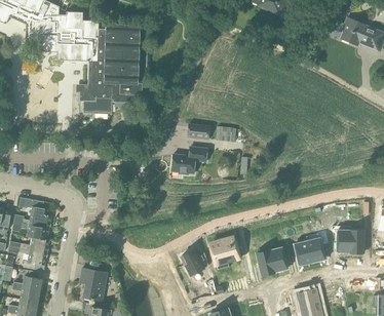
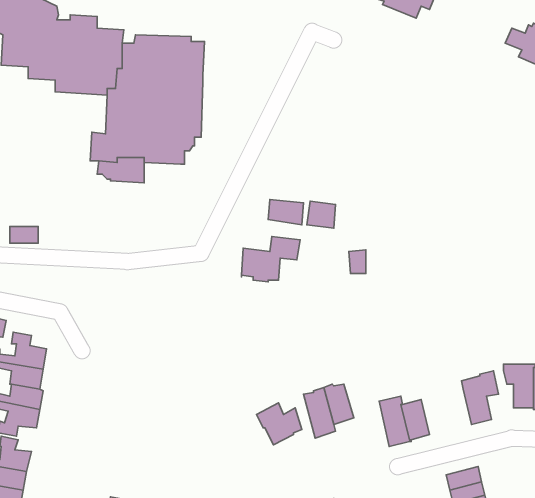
building: [286,236,312,266] -> none
building: [79,268,107,301] -> none

